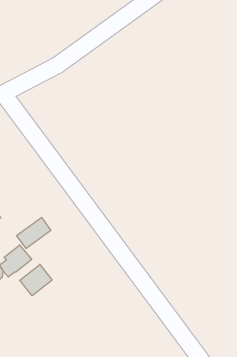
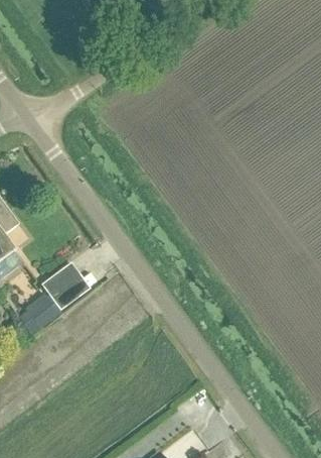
building: [20,264,52,296] -> none

